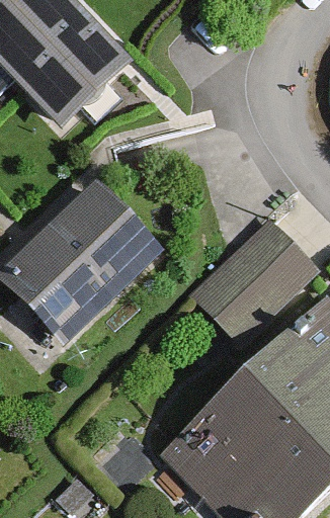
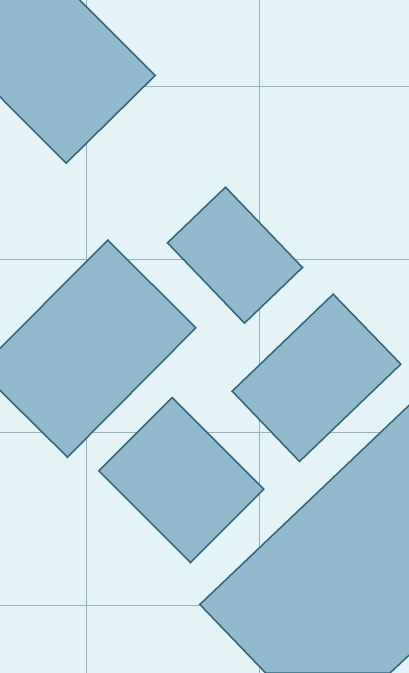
building: none -> [167,187,303,323]
building: none -> [99,398,264,563]

